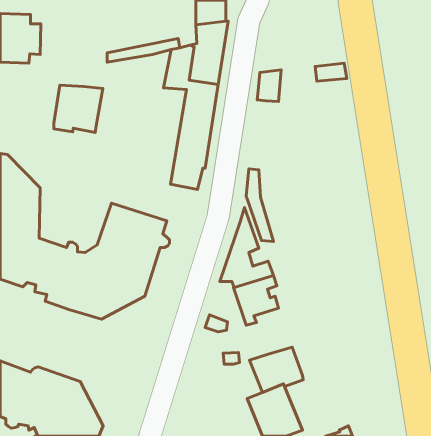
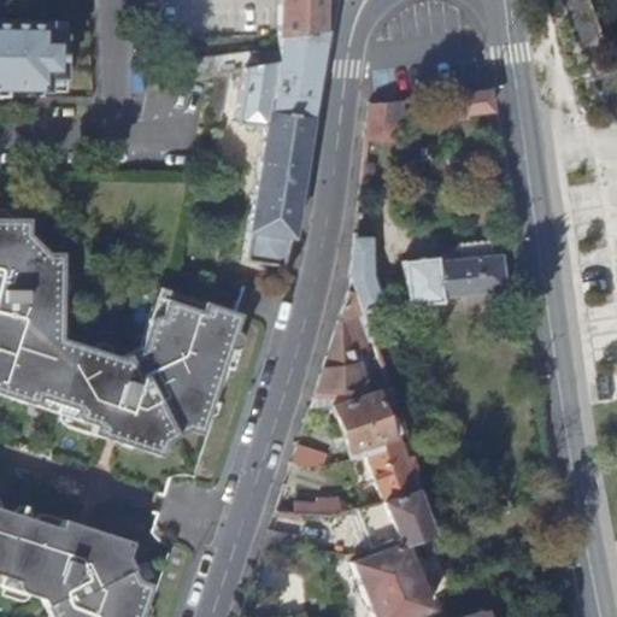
building: [54,85,103,133] -> none
building: none -> [406,241,506,307]
building: none -> [365,435,419,500]

